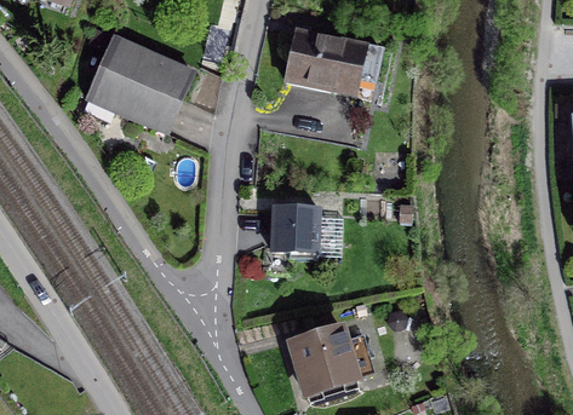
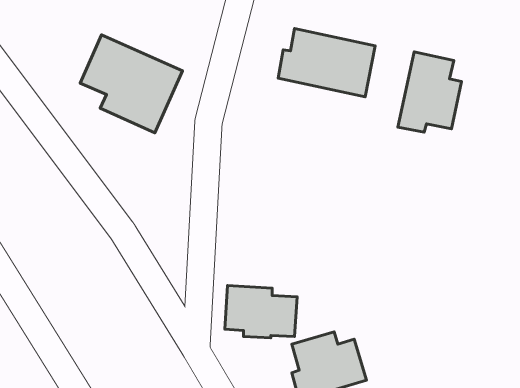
building: none -> [398,52,462,132]
building: [268,204,338,255] -> [225,286,297,338]

